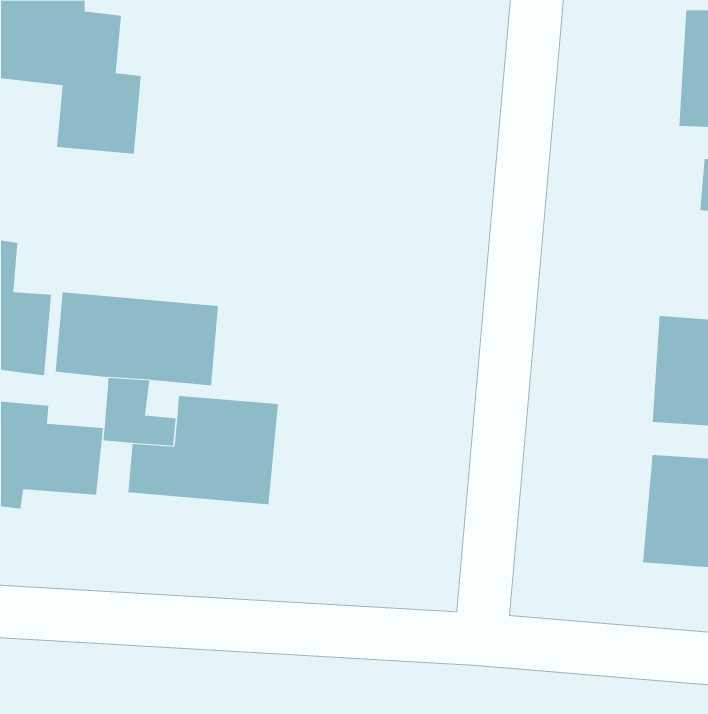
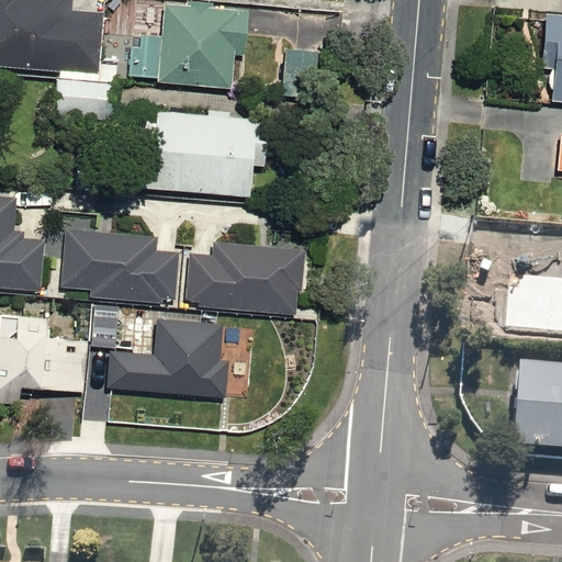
building: none -> [116,8,251,87]
building: none -> [108,105,263,200]
building: none -> [180,238,307,316]

